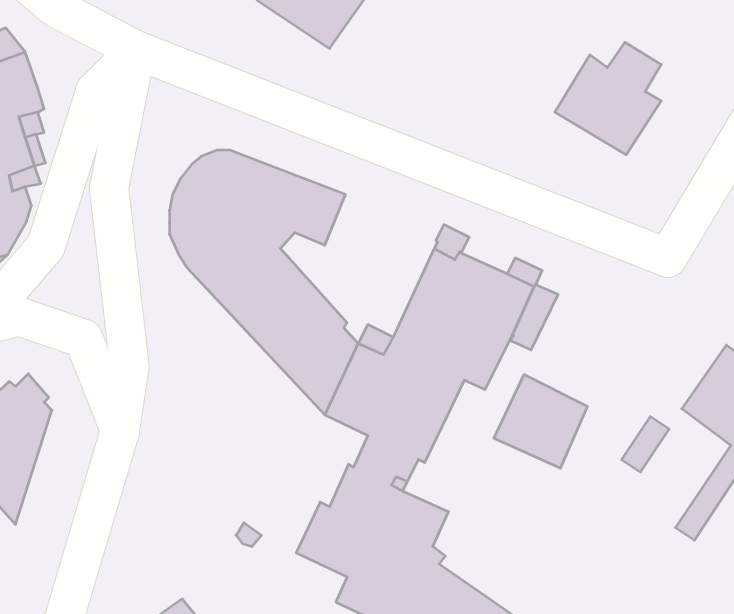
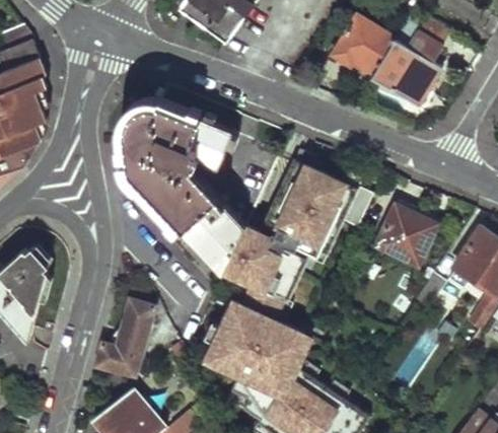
building: none -> [330,15,394,78]
building: [494,375,587,468] -> [374,205,434,265]
building: none -> [94,301,153,376]

